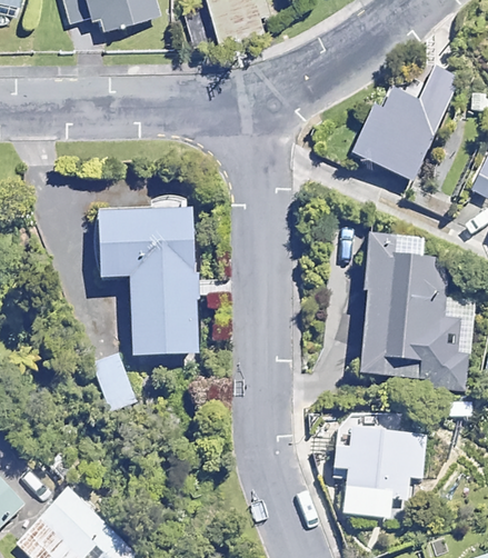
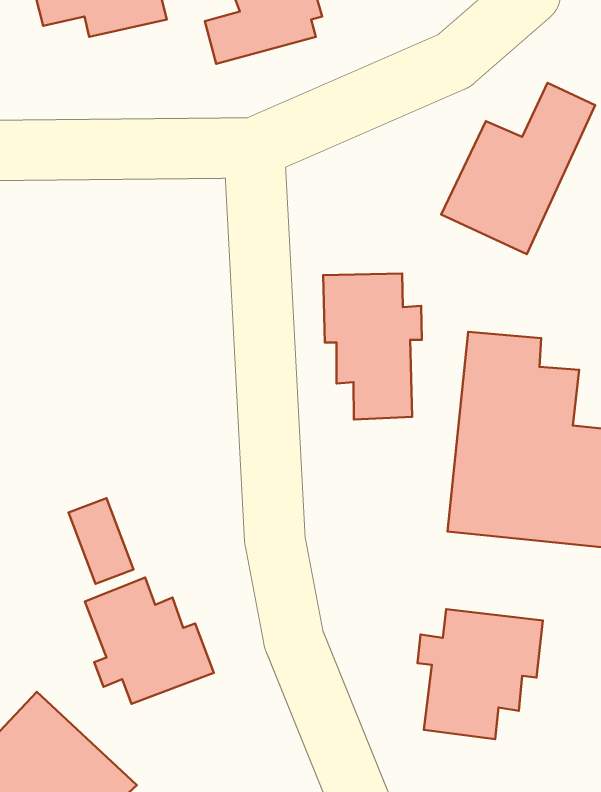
building: none -> [323,273,422,420]
building: [97,208,198,355] -> none
building: none -> [85,577,214,704]

